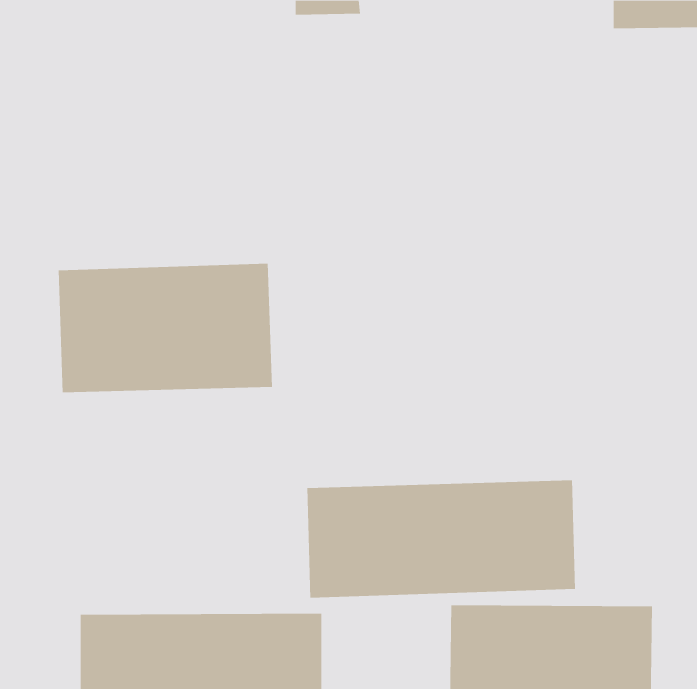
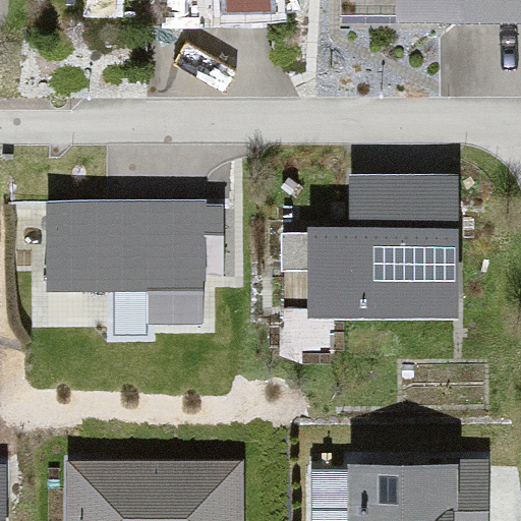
building: none -> [286,170,460,308]
building: [307,480,576,599] -> none

